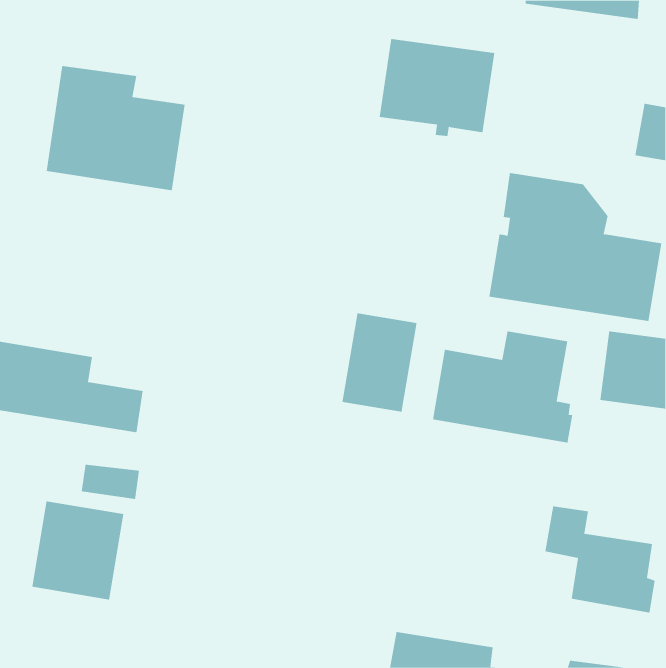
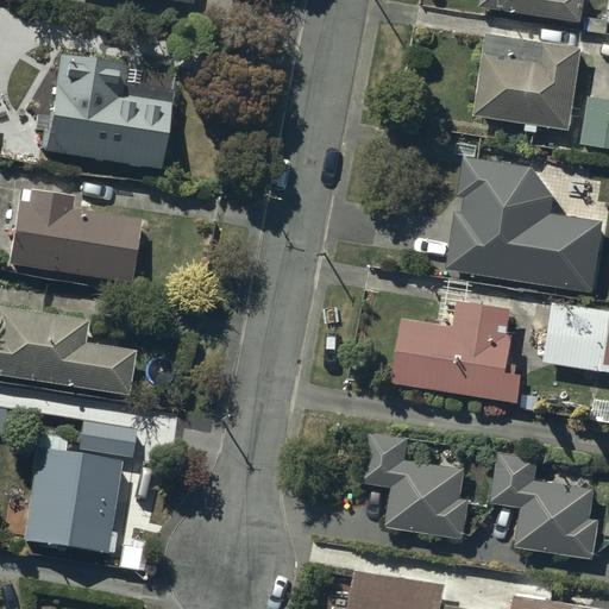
building: [379,39,495,137] -> [473,40,579,130]
building: none -> [6,187,139,282]
building: [342,312,417,413] -> none
building: none -> [365,438,467,536]

